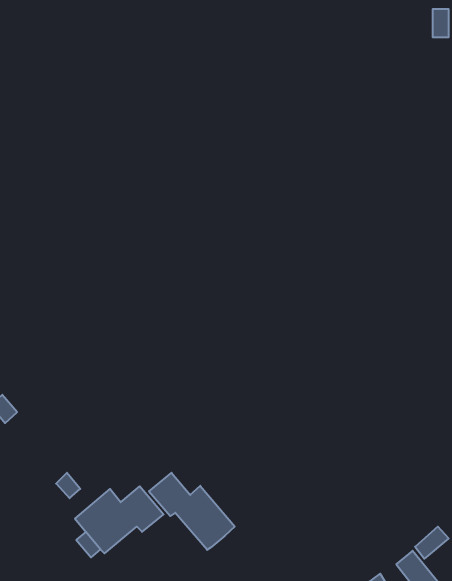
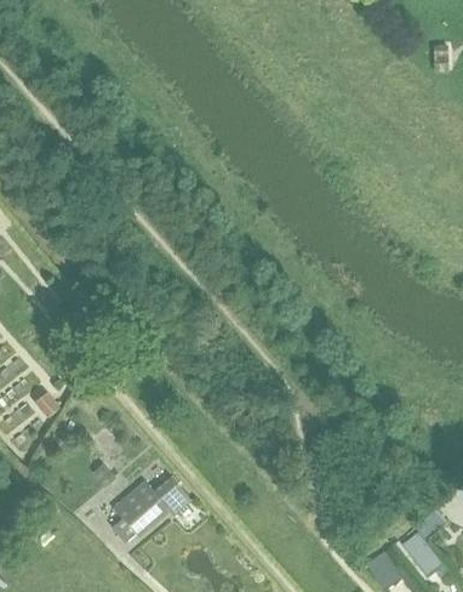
building: [149,473,235,550] -> none

